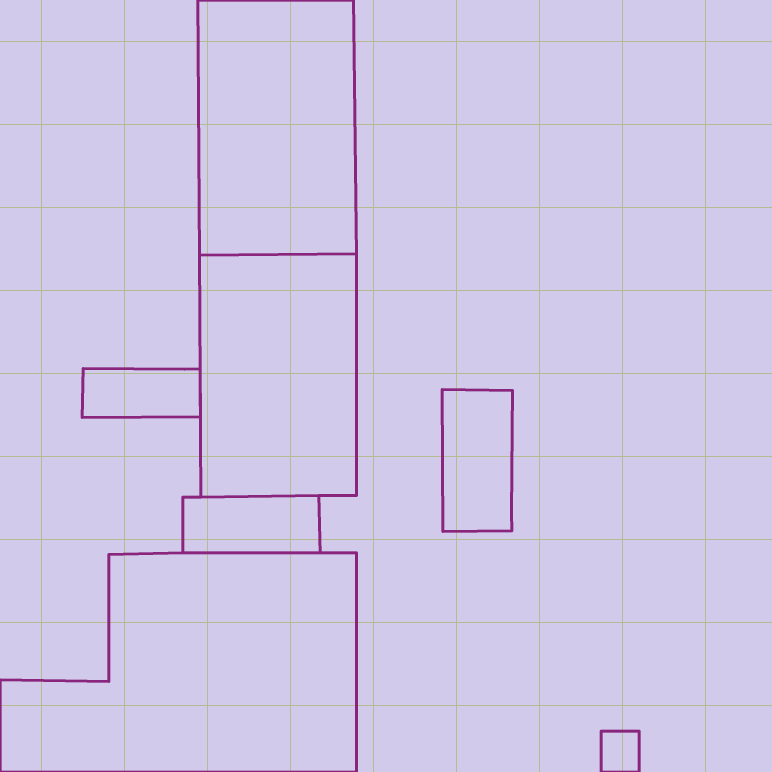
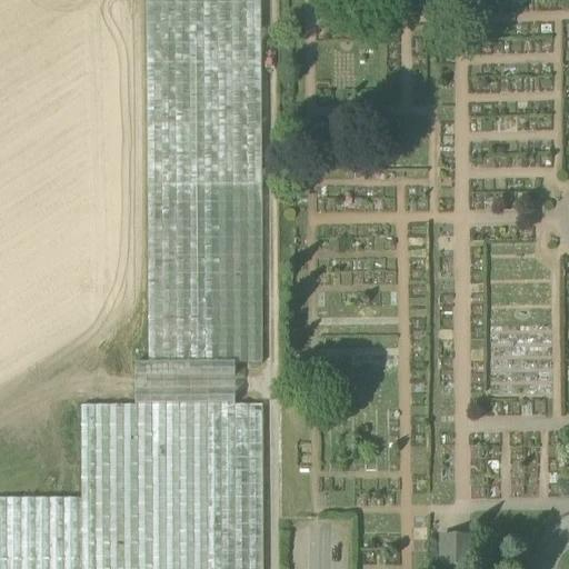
building: [82,368,200,417] -> none
building: [442,389,513,531] -> none

